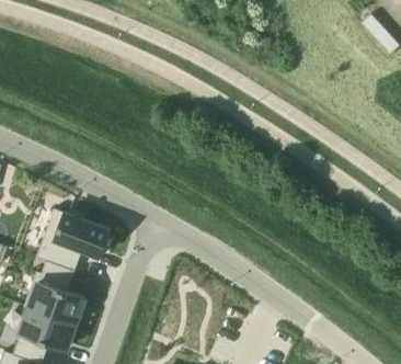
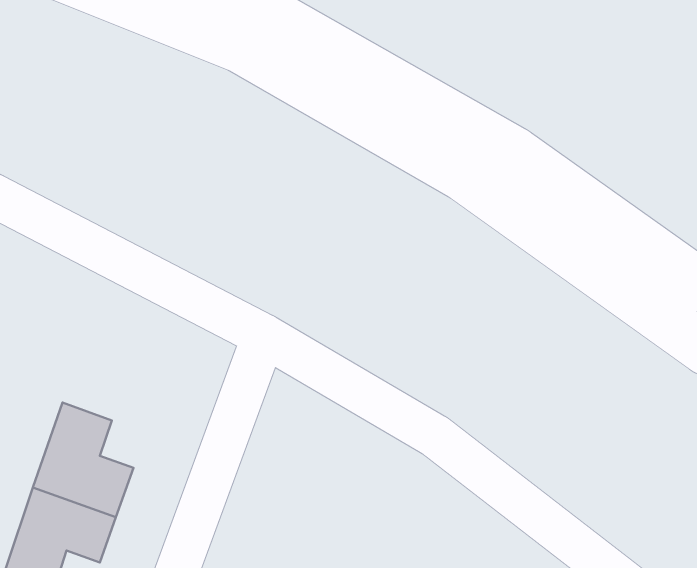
building: [45,212,107,271] -> none

